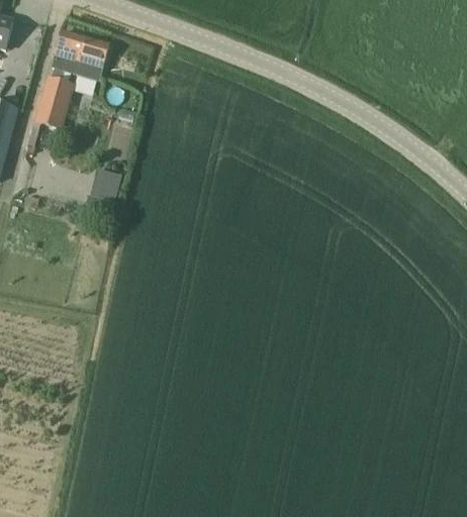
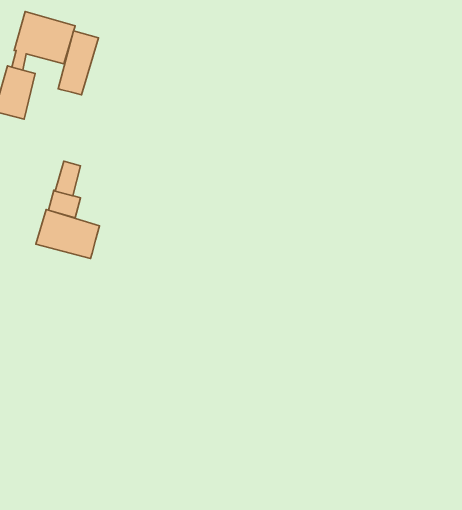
building: none -> [58,31,99,95]
building: none -> [36,209,99,258]

